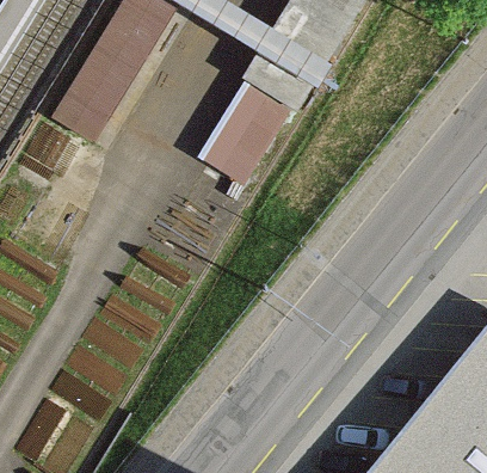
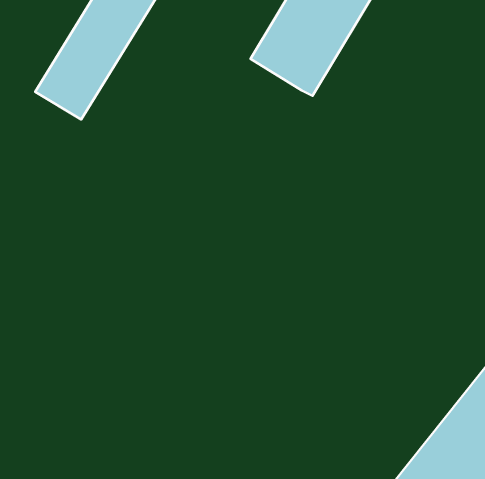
building: [195,85,290,195] -> none

